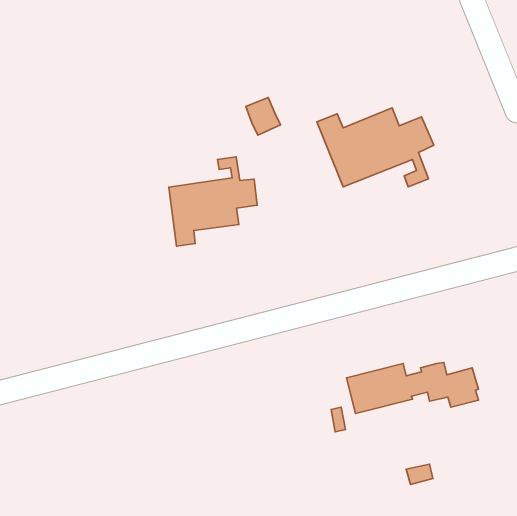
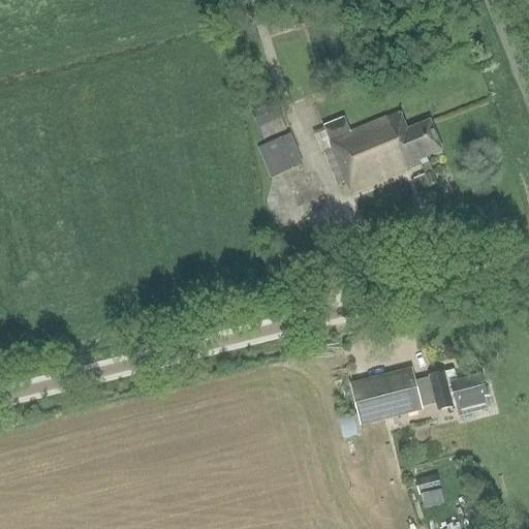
building: none -> [257,131,303,176]
building: [169,157,257,246] -> none

